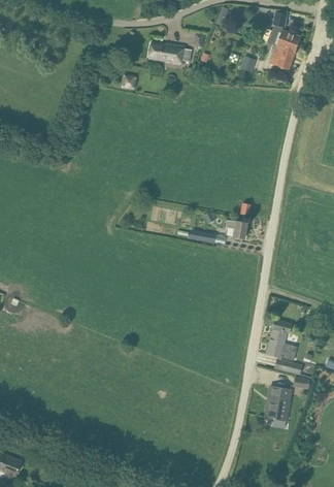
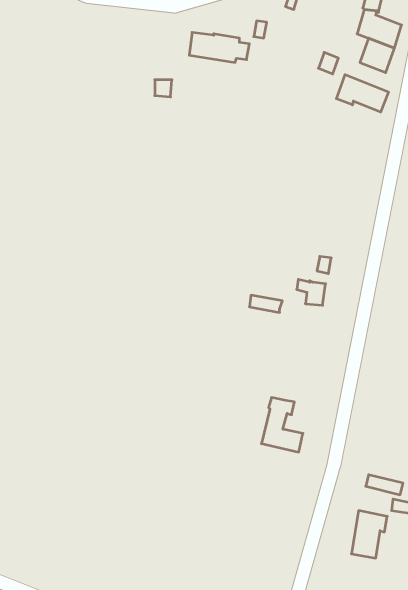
building: none -> [336,75,388,112]
building: [267,320,297,359] -> [261,398,303,452]

